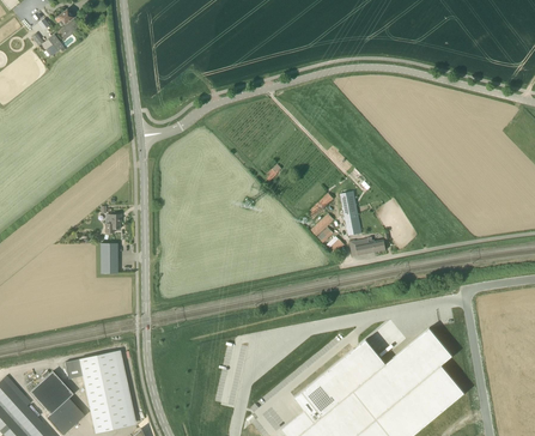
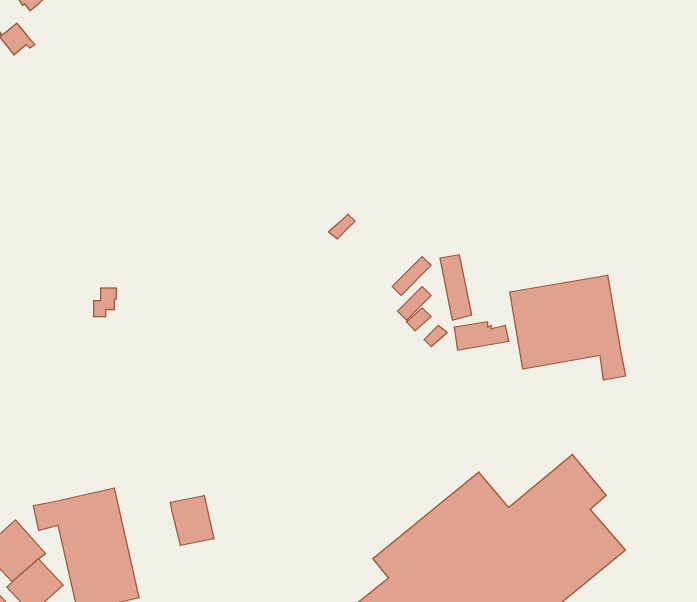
building: none -> [510,275,626,380]
building: [101,243,117,273] -> none
building: none -> [171,495,214,546]

